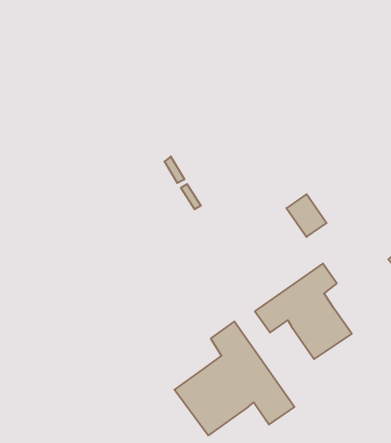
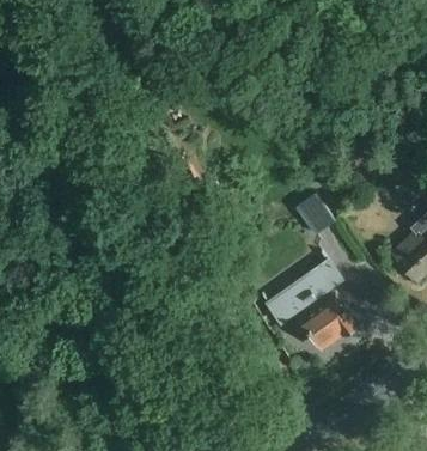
building: [174,321,294,435] -> none

